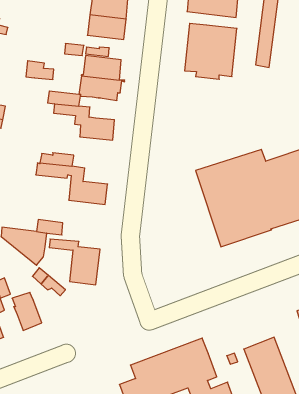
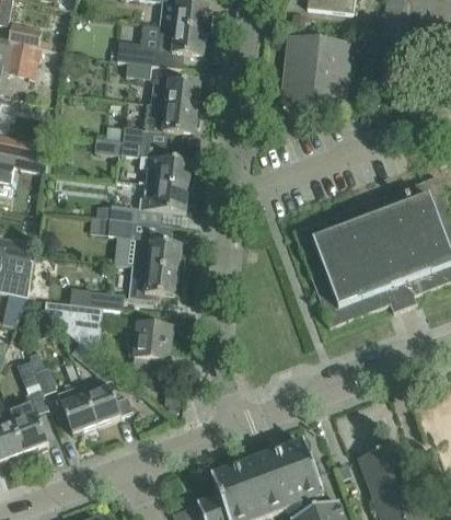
building: [26,61,54,79] -> [116,38,152,62]
building: none -> [138,181,188,211]
building: none -> [128,263,178,298]
building: none -> [85,383,132,421]

